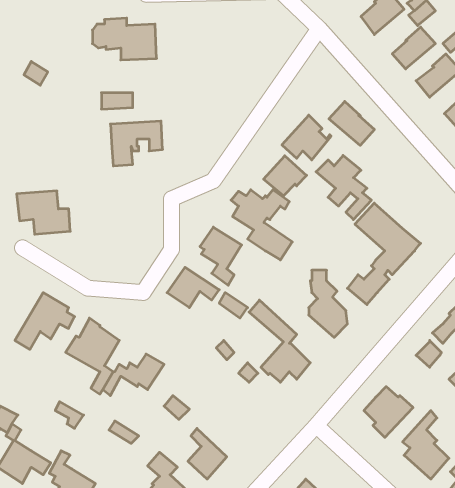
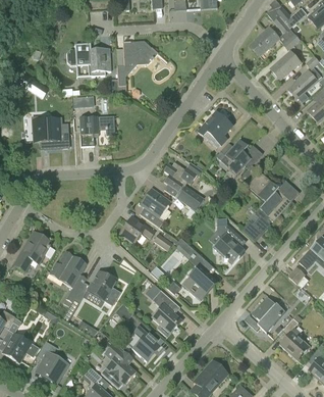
building: none -> [117,41,159,87]
building: [329,101,374,145] -> none
building: [264,156,307,196] -> none
building: [17,191,70,234] -> [33,119,69,149]
building: none -> [152,290,181,337]

